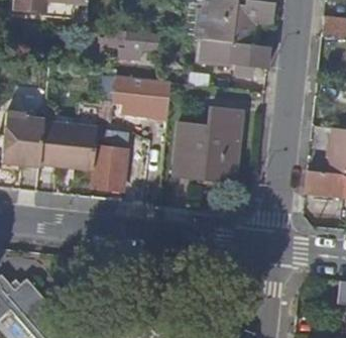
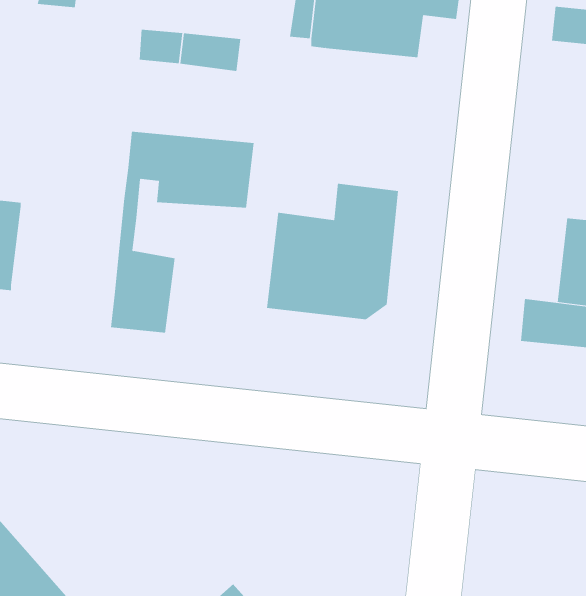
building: [202,38,270,77] -> none
building: [39,99,99,167] -> none

